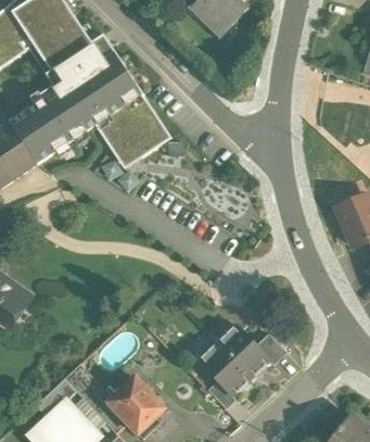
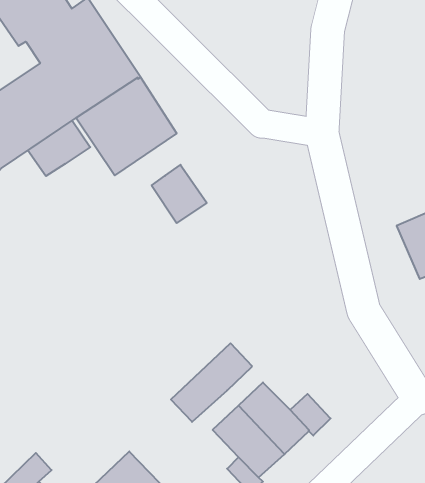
building: none -> [28,120,90,176]
building: none -> [152,165,207,223]
building: none -> [171,343,252,422]

